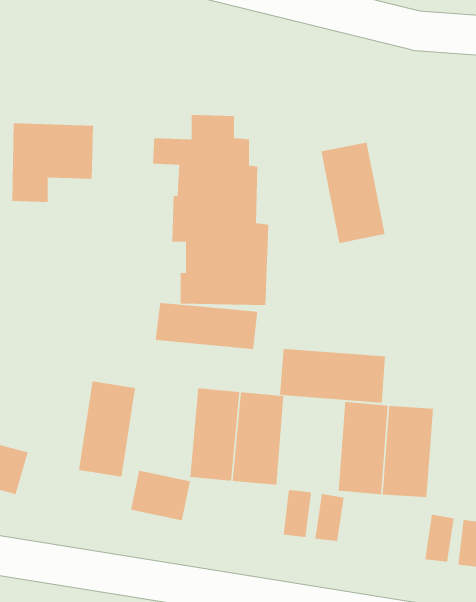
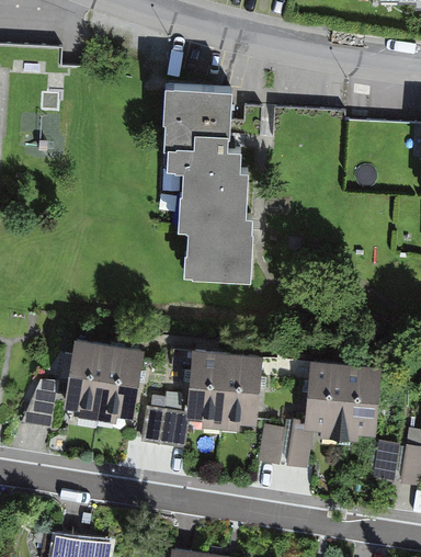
building: [11,123,94,202] -> [159,86,225,149]
building: [321,142,385,244] -> none
building: [155,302,258,350] -> none
building: [280,348,386,403] -> none
building: none -> [64,337,110,413]

